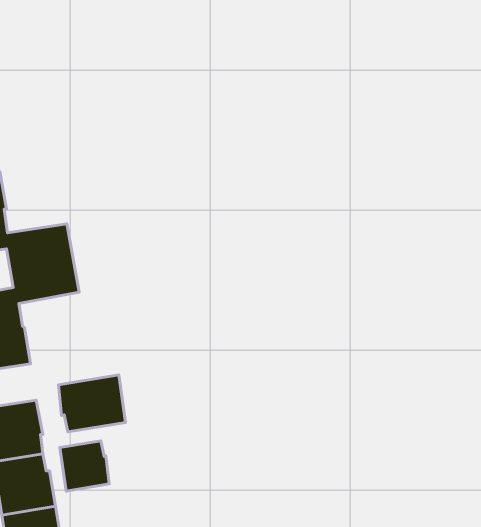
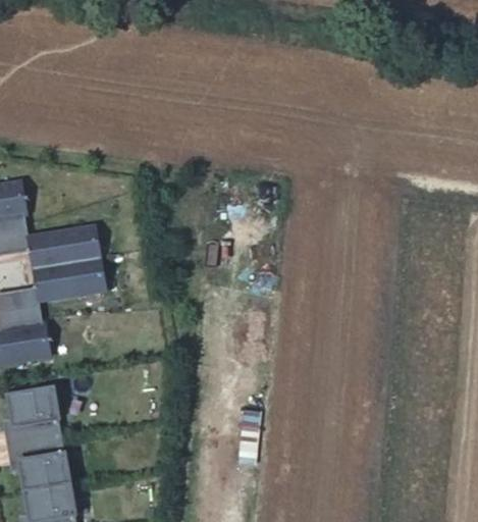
building: [58,375,126,432] -> none
building: [60,441,109,491] -> none

